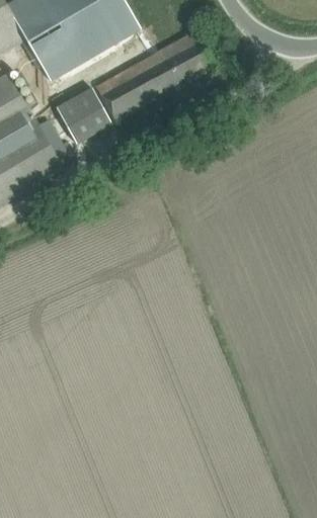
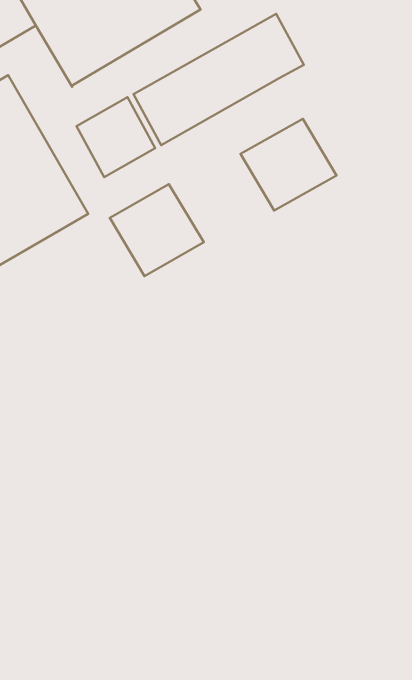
building: none -> [241,119,336,210]
building: none -> [110,184,204,276]

